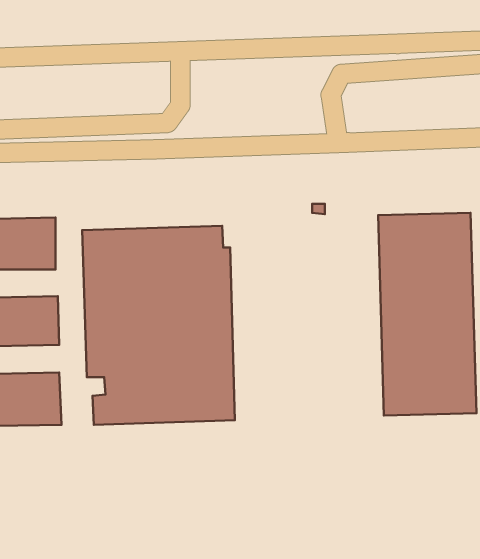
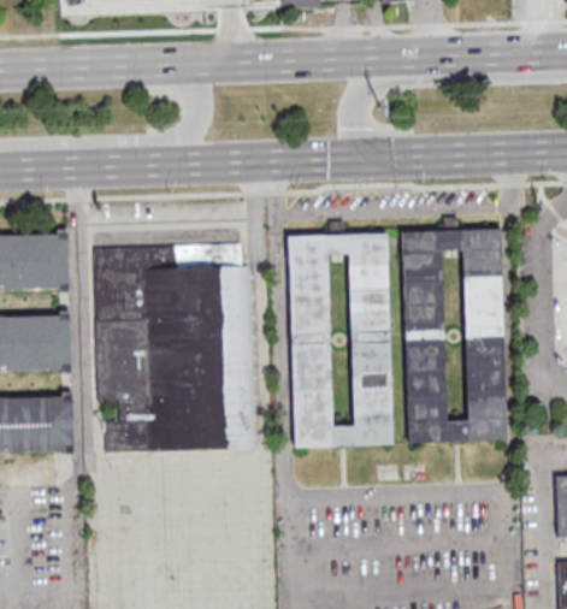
building: none -> [289,233,391,447]

